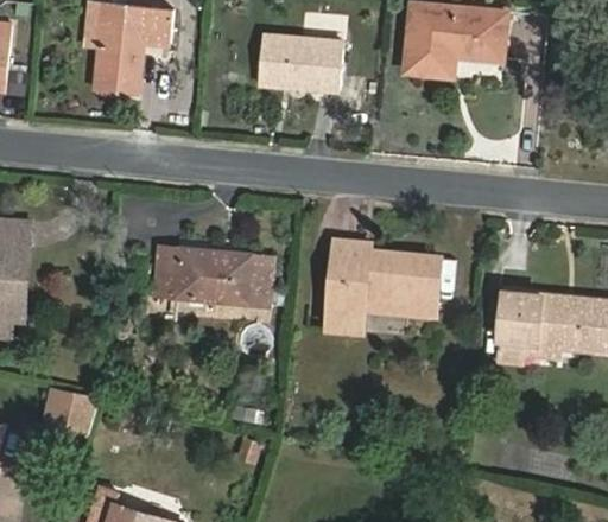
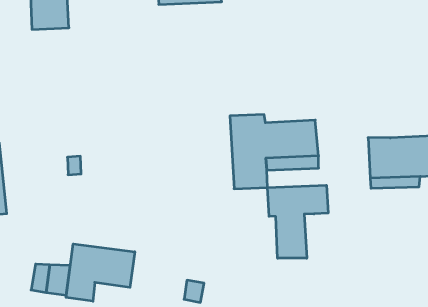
building: [153,248,273,304] -> none
building: none -> [267,185,328,258]
building: none -> [66,244,135,301]

